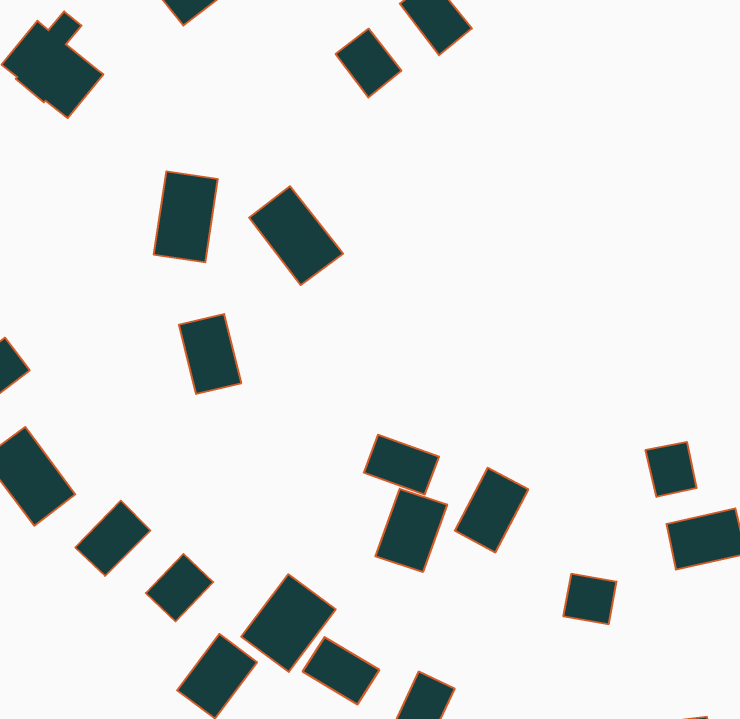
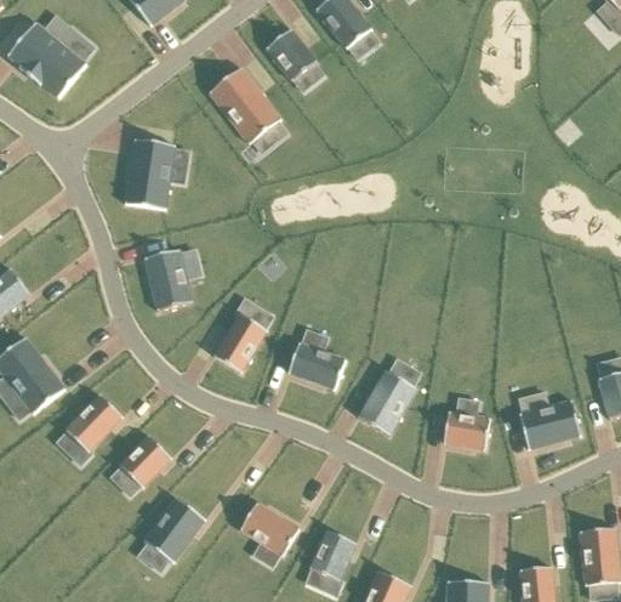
building: [249,186,343,285] -> [207,68,280,144]
building: none -> [212,314,266,374]
building: [646,442,697,497] -> none
building: [375,489,447,572] -> none
building: [563,574,617,624] -> [449,409,490,448]
building: [241,574,336,672] -> none

